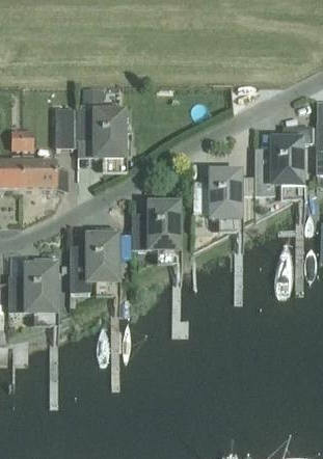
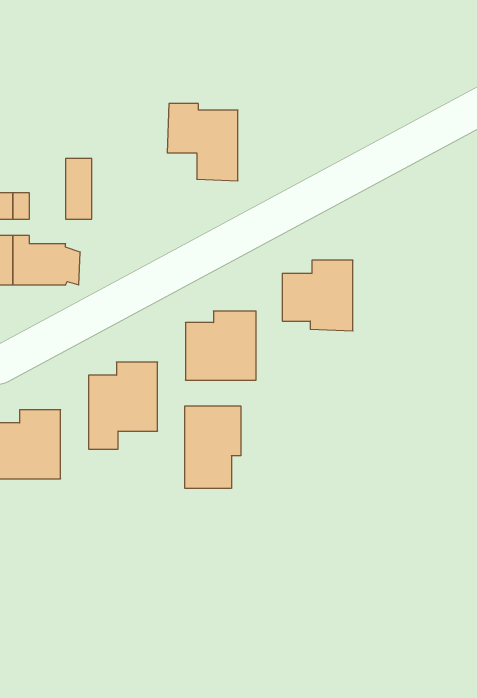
building: [79,107,124,156] -> [167,104,238,181]
building: [257,124,314,193] -> none
building: none -> [185,406,241,488]

